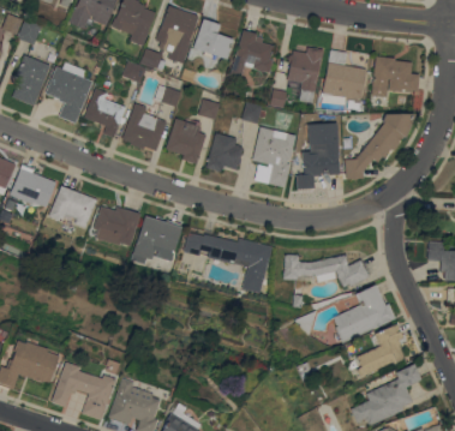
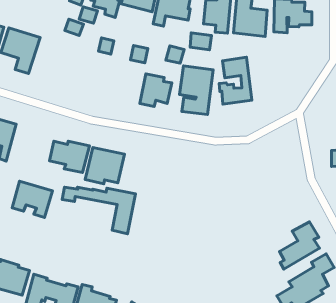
building: [84,88,126,138] -> none
building: [124,102,166,150] -> none
building: [345,114,414,179] -> none
building: [166,119,205,164] -> none
building: [49,185,98,231] -> [12,181,52,218]
building: [185,233,273,294] -> [62,187,136,234]
building: [283,255,370,289] -> none
building: [334,285,396,342] -> none

